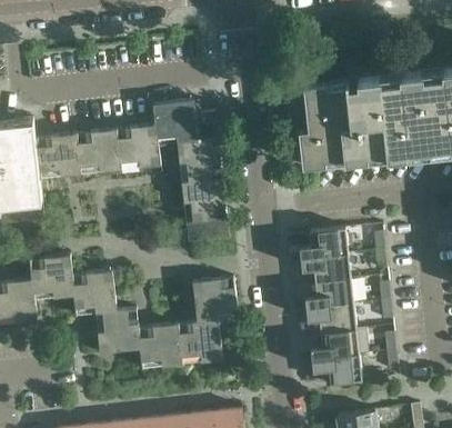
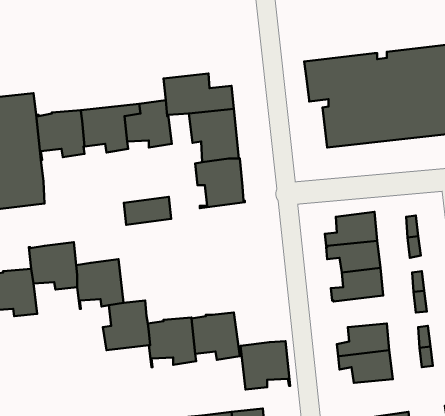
building: [185,219,229,245] -> [124,197,171,225]
building: [192,278,238,322] -> [241,341,290,390]
building: [307,305,356,334] -> none

